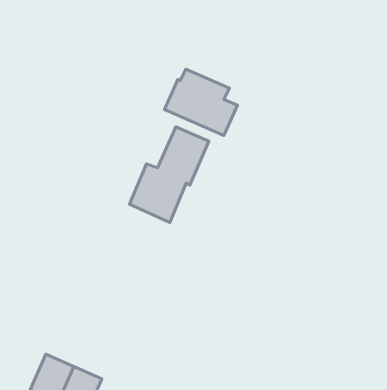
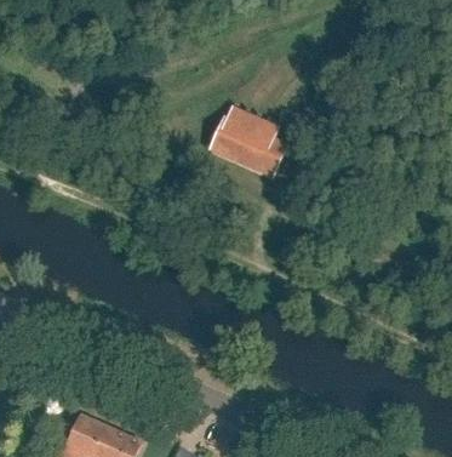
building: [129,127,209,222] -> none

